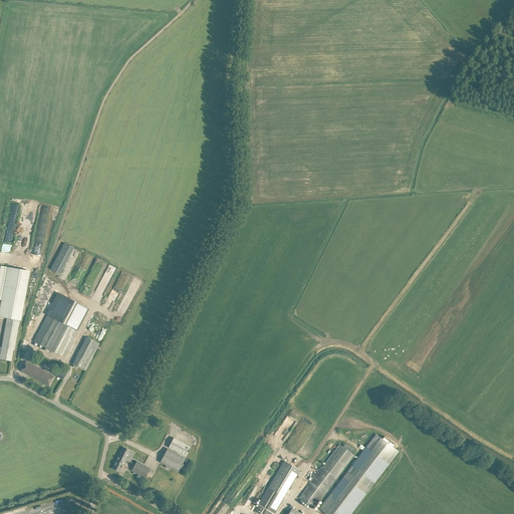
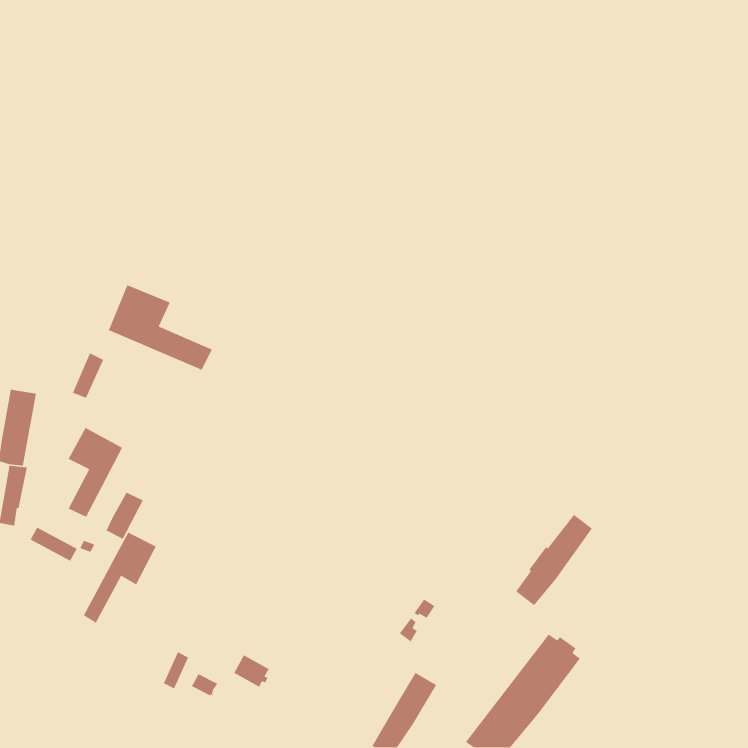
building: none -> [108,284,213,371]
building: [32,314,60,348] -> none
building: none -> [83,531,157,624]
building: [299,444,352,507] -> [515,514,593,606]

